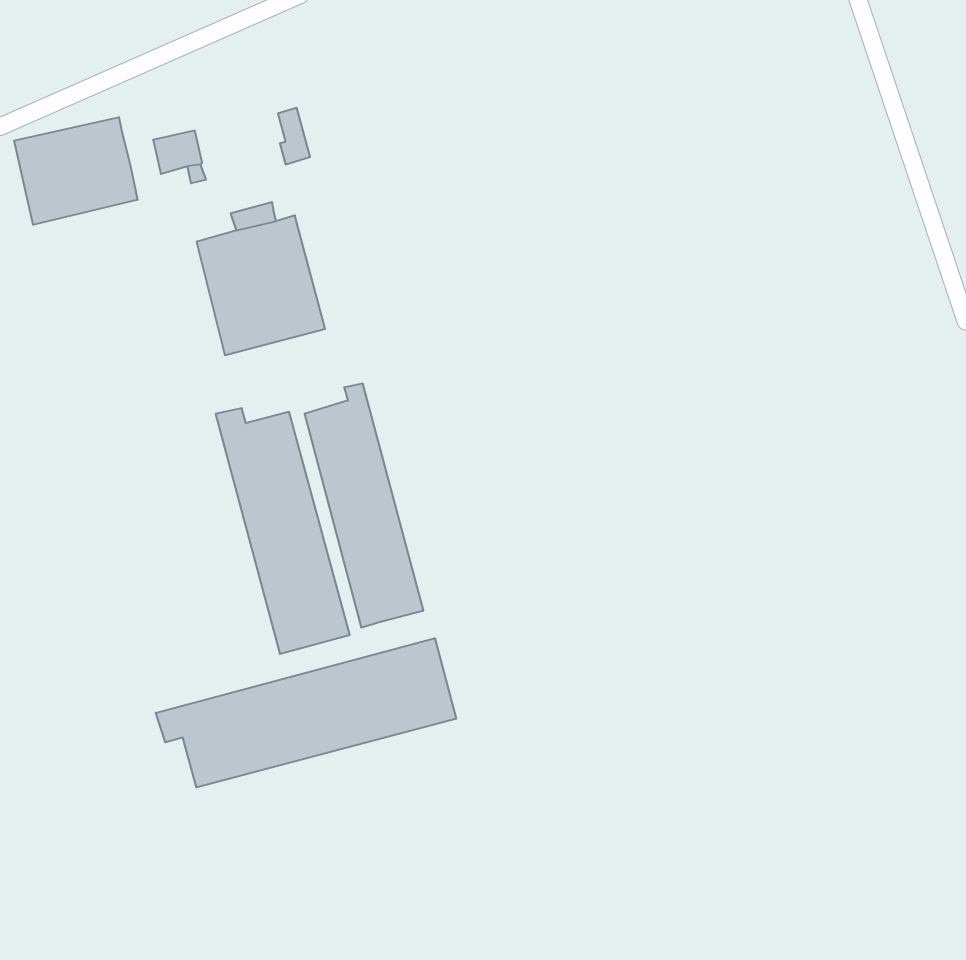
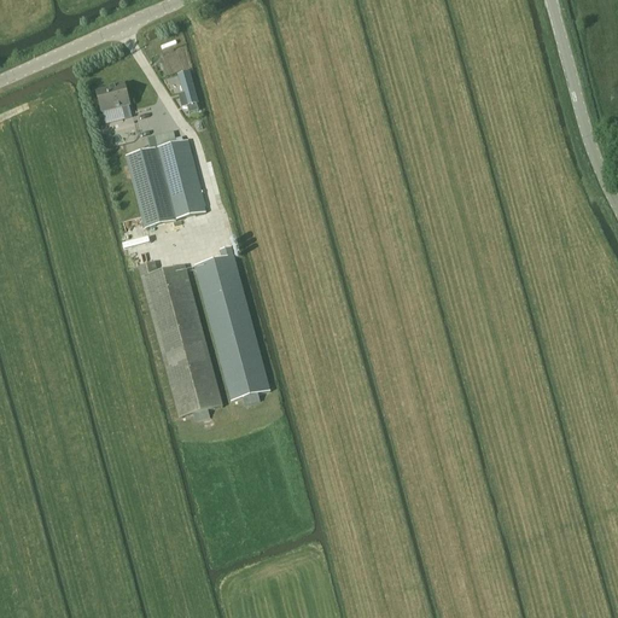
building: [14,117,137,225] -> none
building: [156,638,456,787] -> none

